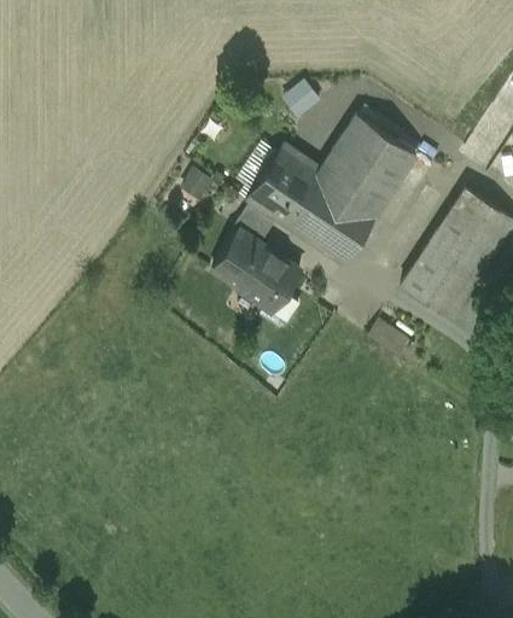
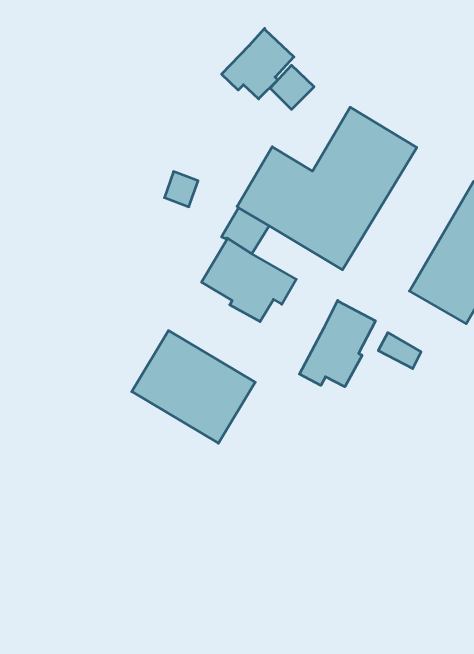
building: none -> [222,28,294,99]
building: none -> [299,300,375,387]
building: none -> [132,331,255,443]

